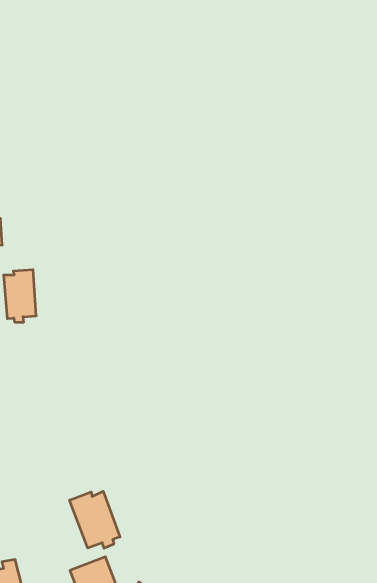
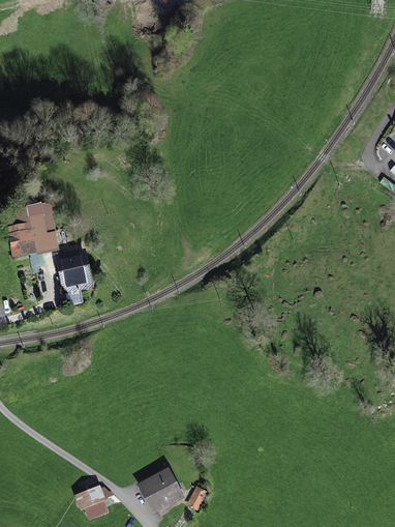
building: [70,491,120,548] -> none

